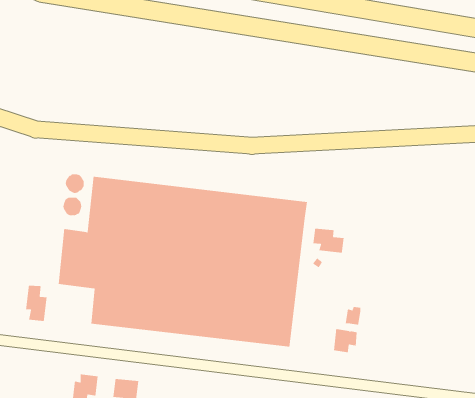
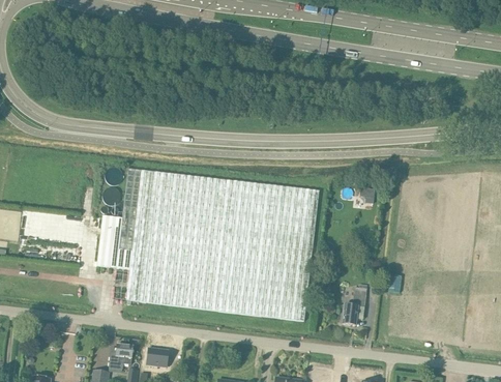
building: [313,228,344,254] -> none
building: [25,285,47,322] -> none

